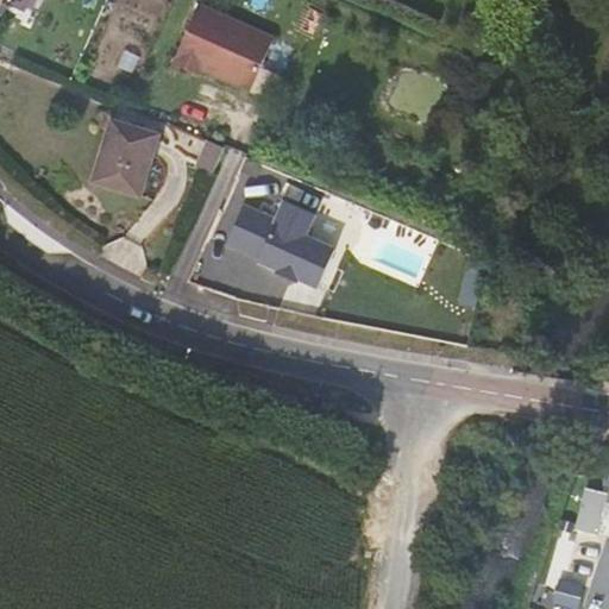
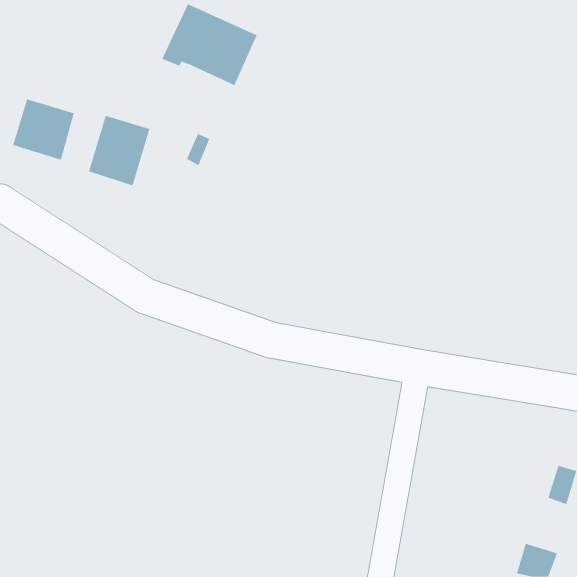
building: none -> [13,99,75,161]
building: [224,200,332,287] -> none

